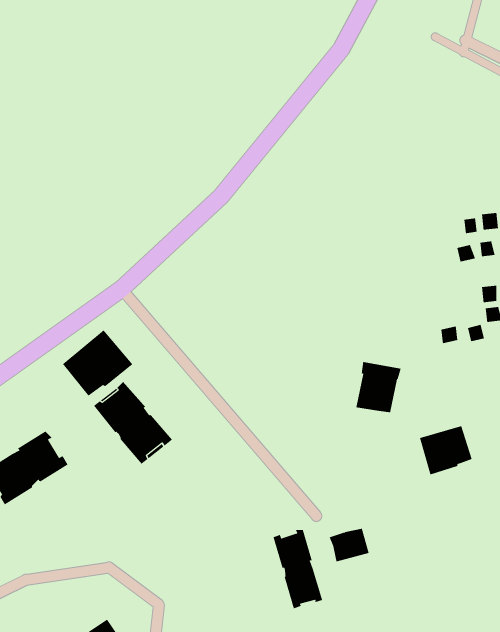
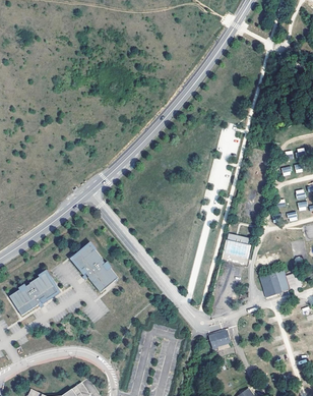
building: [62,329,133,397] -> none
building: [273,529,323,609] -> none

